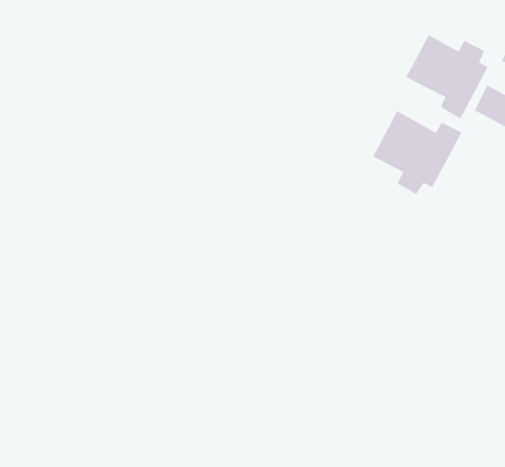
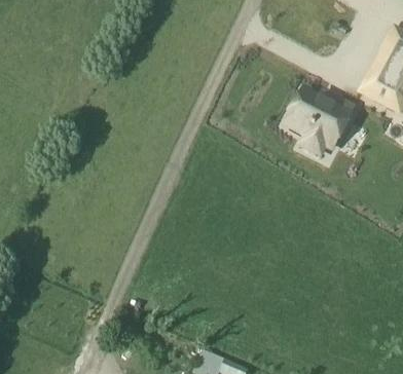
building: [405,35,488,119] -> none

